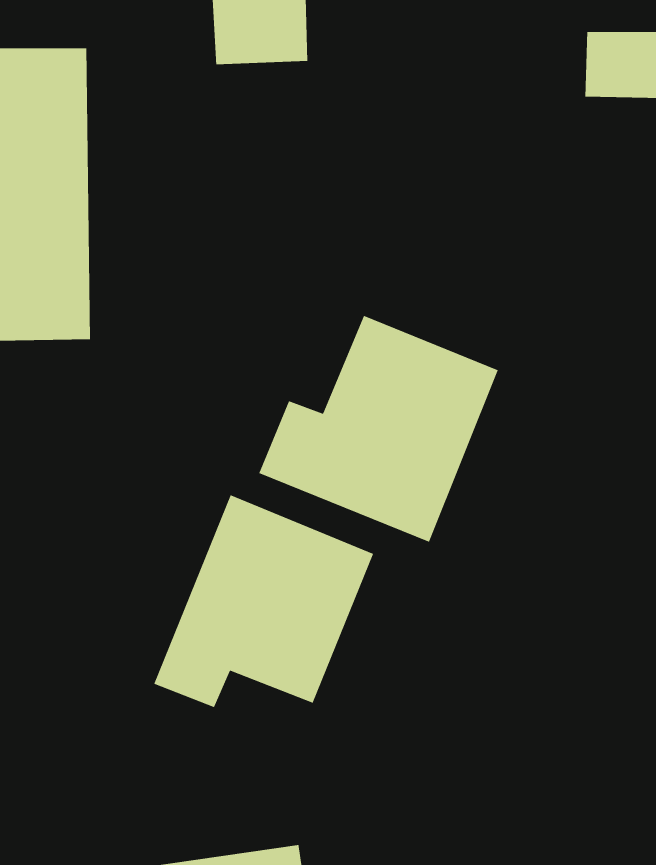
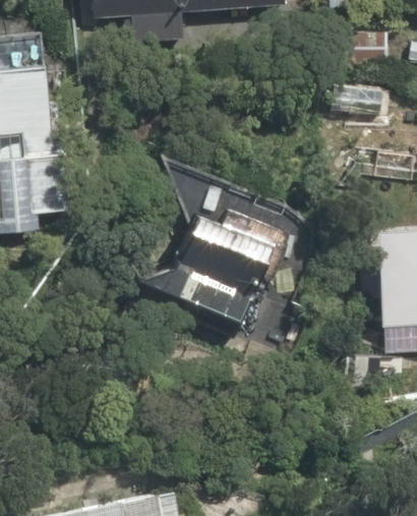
building: [153,494,374,708] -> none

